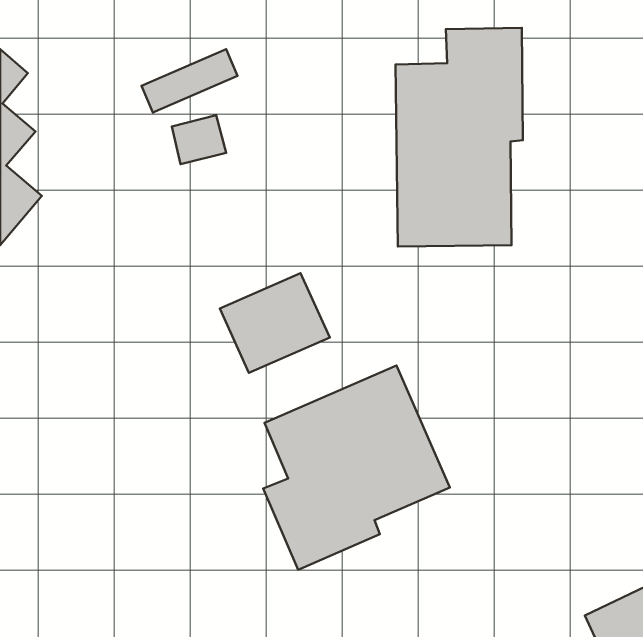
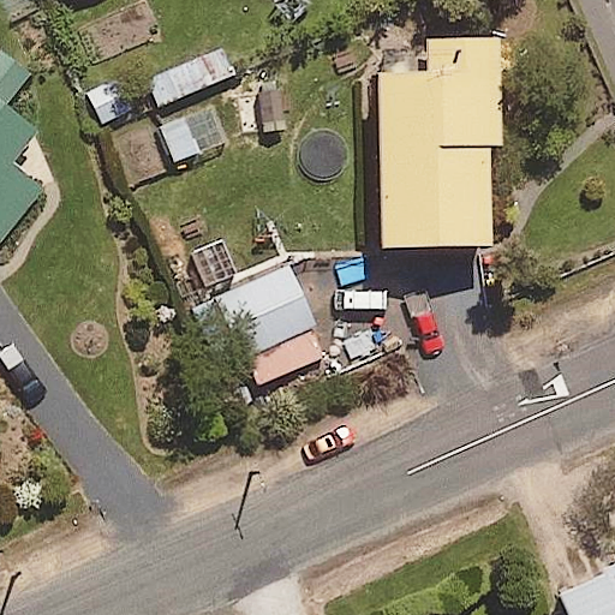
building: [263,366,450,570] -> none

